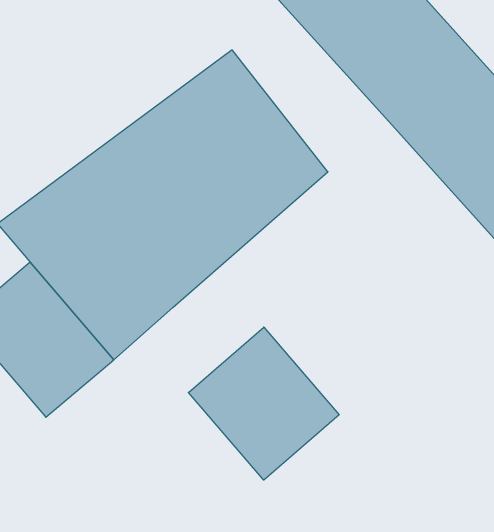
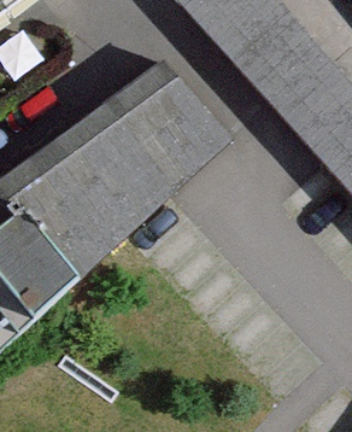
building: [188,327,339,480] -> none

